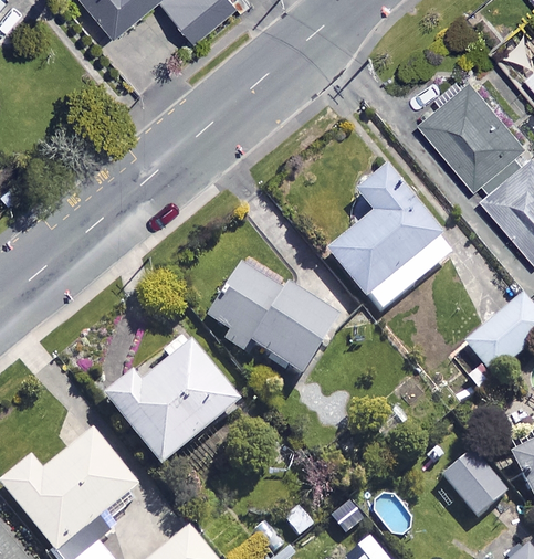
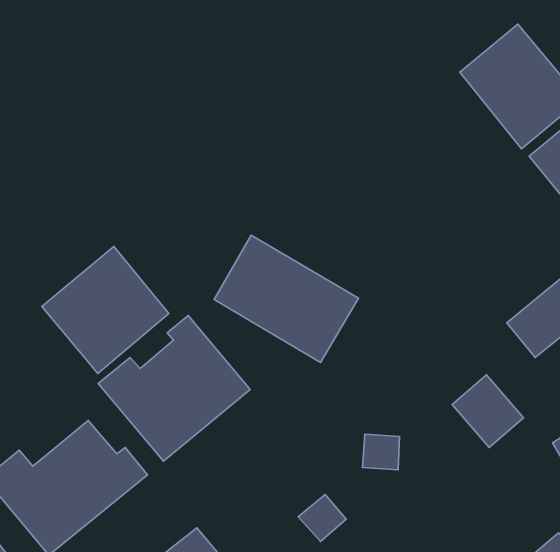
building: [325,166,454,313] -> none
building: none -> [42,247,169,373]
building: [443,451,507,516] -> [452,375,524,448]

